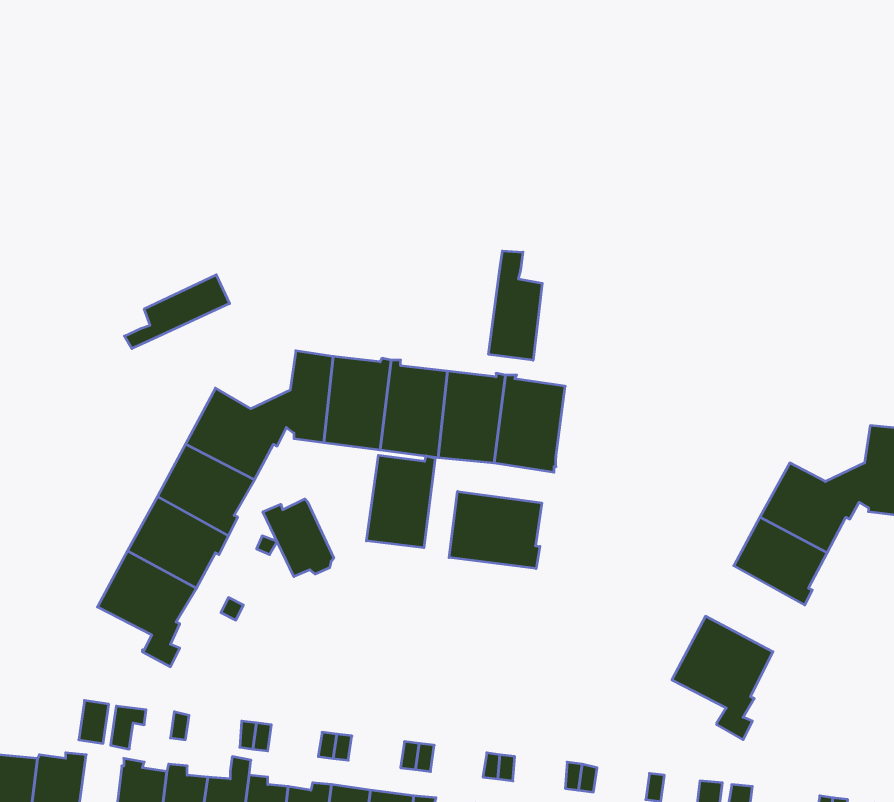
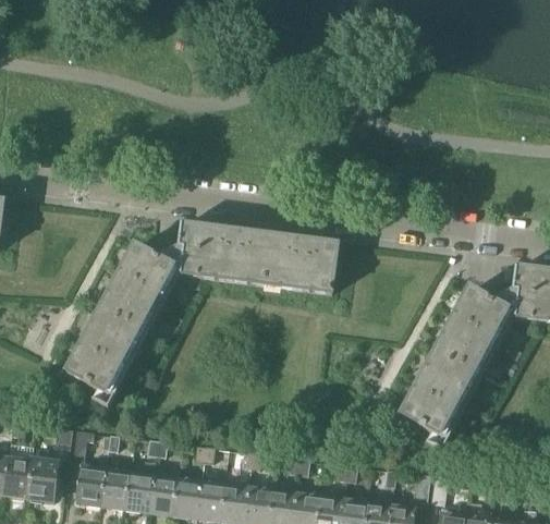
building: [489,251,542,360] -> none
building: [124,275,230,349] -> none
building: [366,455,435,548] -> none
building: [449,491,542,569] -> none
building: [263,499,334,577] -> none
building: none -> [419,350,477,400]

